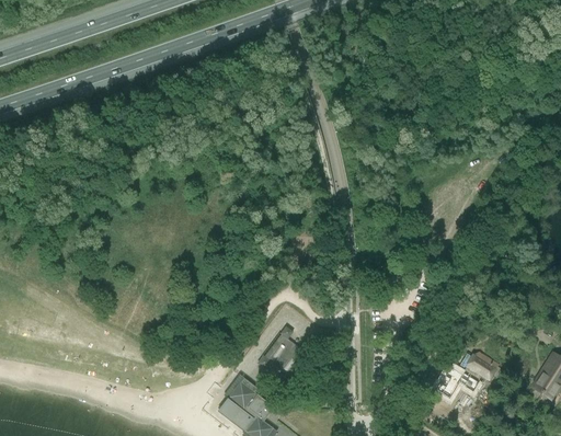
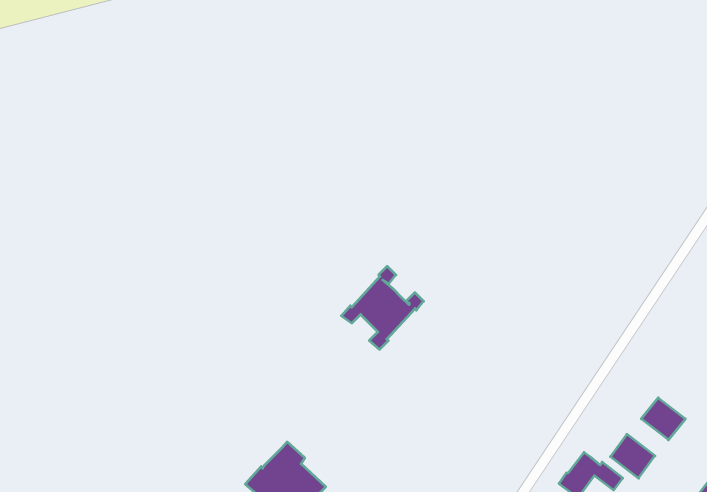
building: none -> [641,398,685,440]
building: [256,326,312,385] -> [341,266,424,349]

